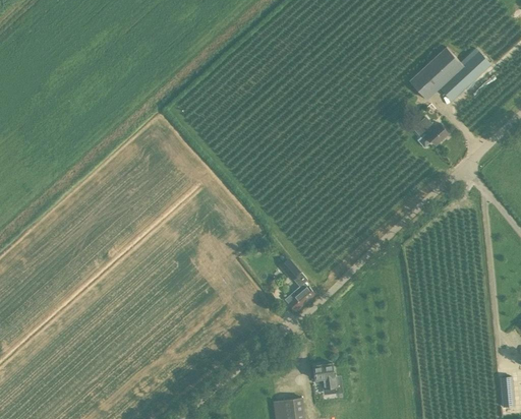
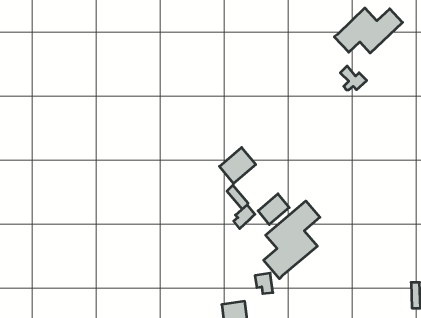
building: none -> [219,147,256,184]
building: none -> [258,194,289,225]
building: none -> [264,201,320,279]

